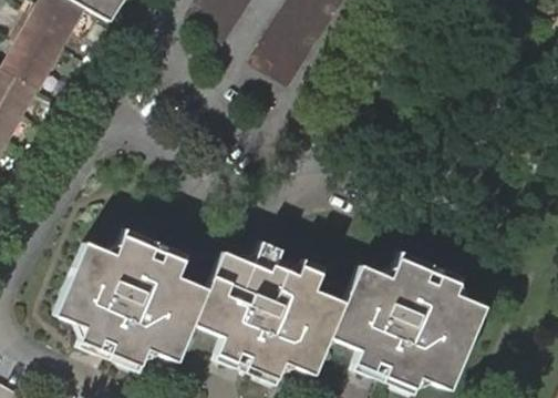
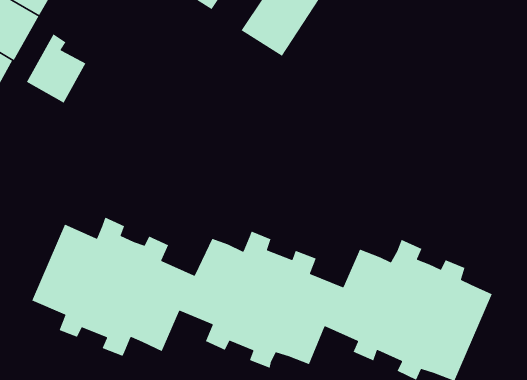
building: none -> [26,33,86,104]

